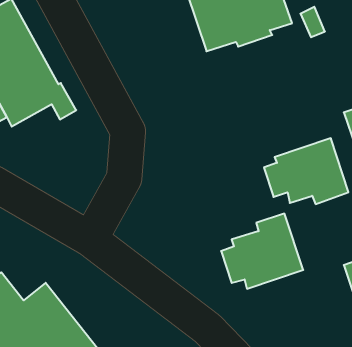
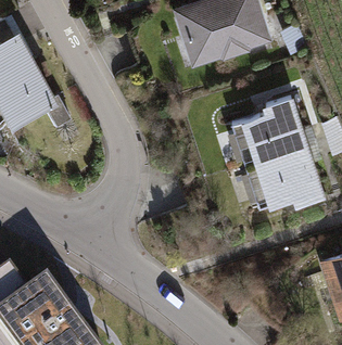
building: [221,214,303,289] -> [232,92,308,162]

